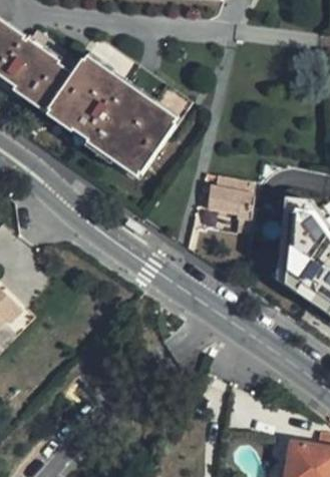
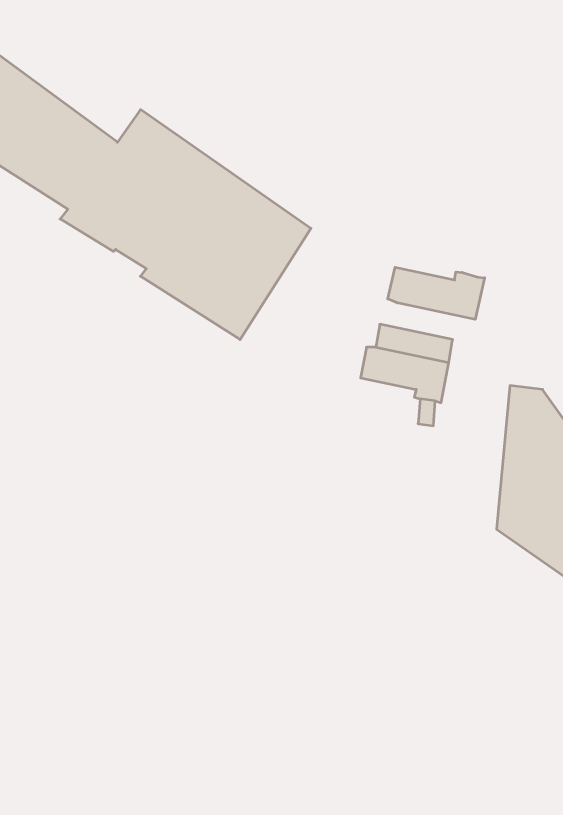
building: none -> [388,267,485,319]

